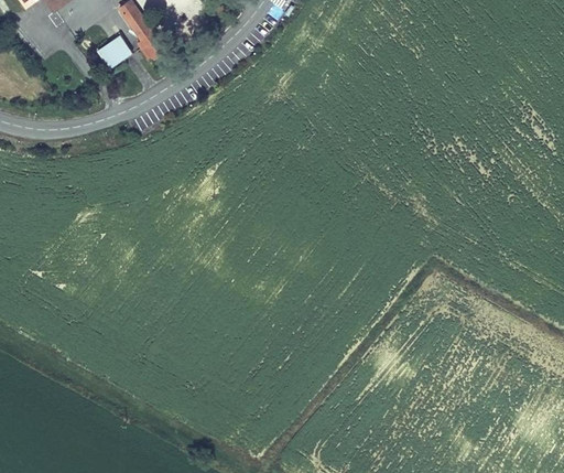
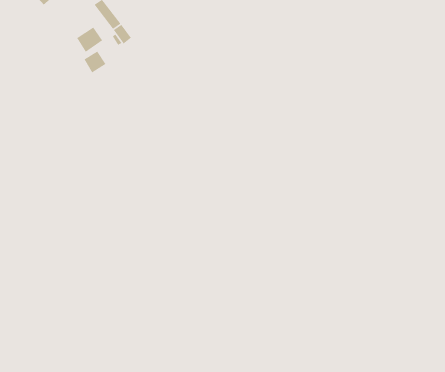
building: none -> [83,50,107,74]

